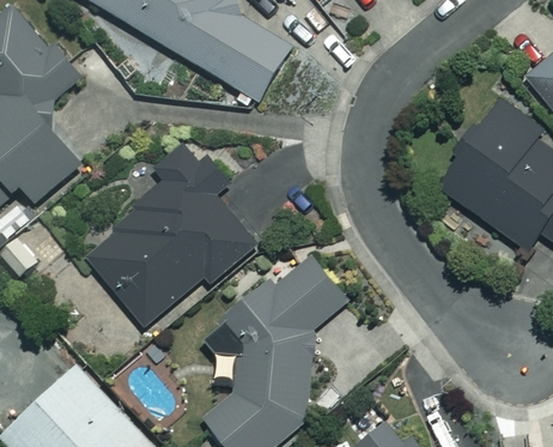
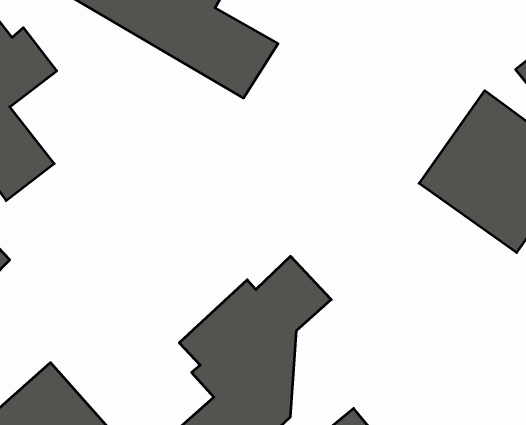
building: [84,140,255,327] -> none

